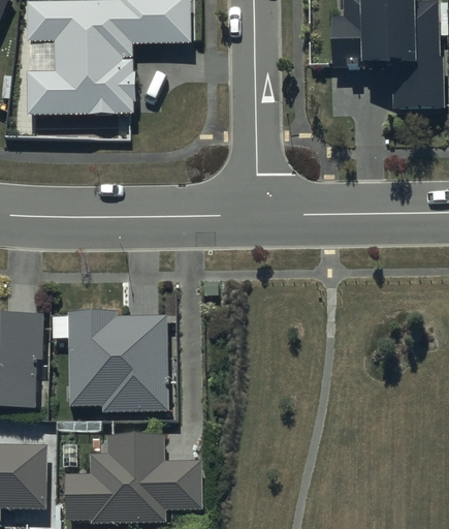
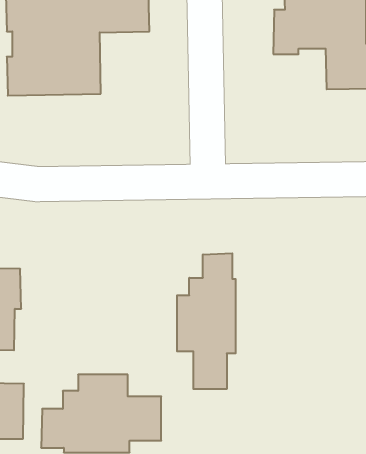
building: none -> [177,253,236,389]
building: [68,310,166,410] -> none

